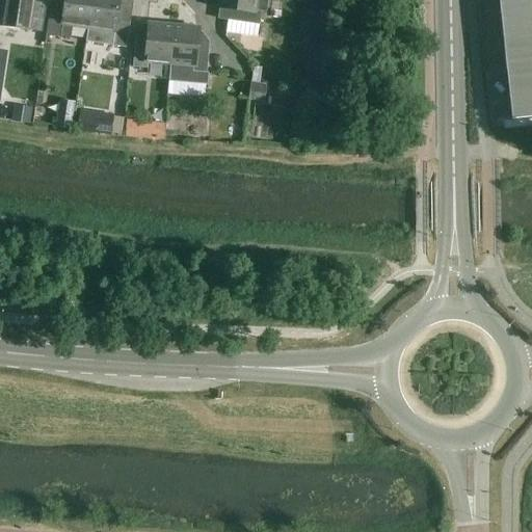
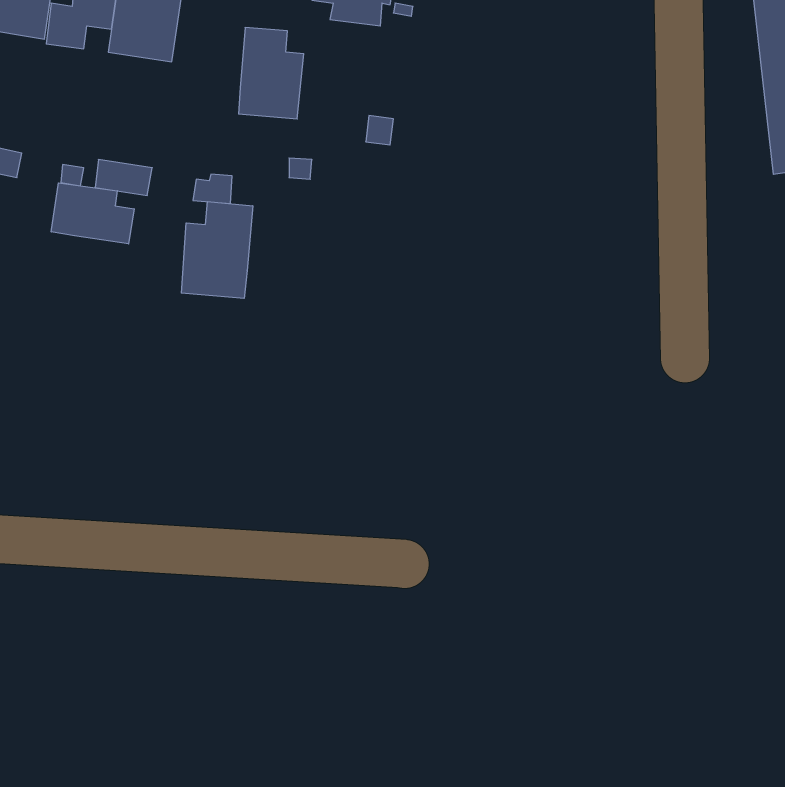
building: [134,22,175,65] -> none
building: none -> [51,183,134,244]
building: none -> [181,202,253,298]

